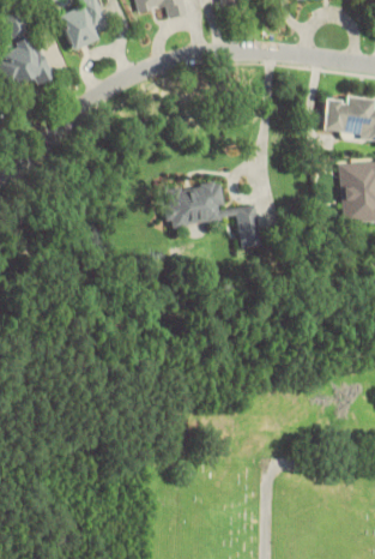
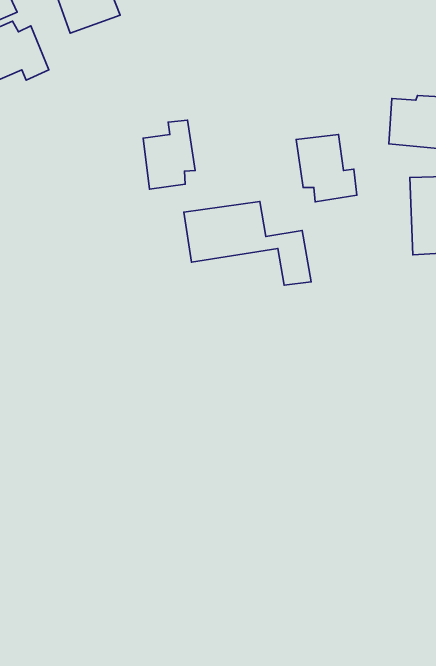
building: none -> [143,120,195,189]
building: none -> [296,135,357,202]

